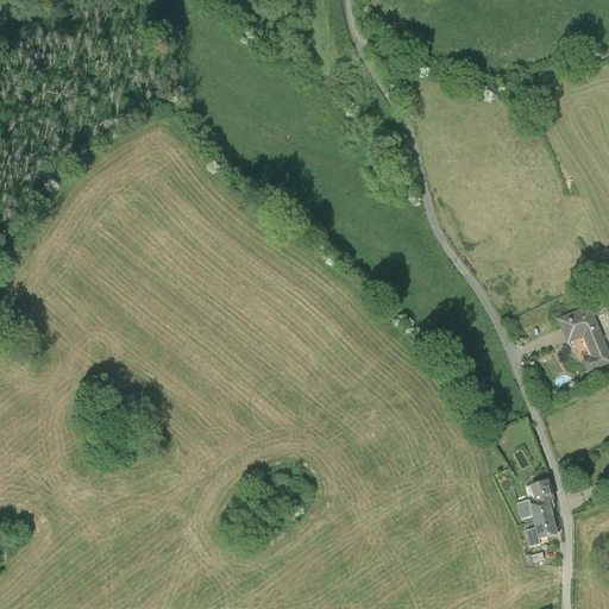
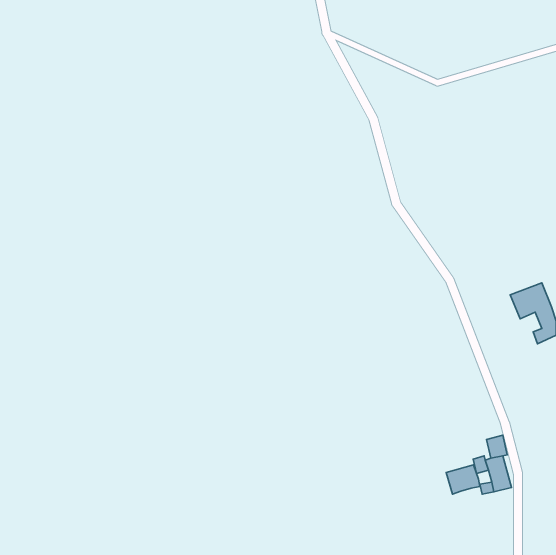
building: none -> [446,465,480,494]

